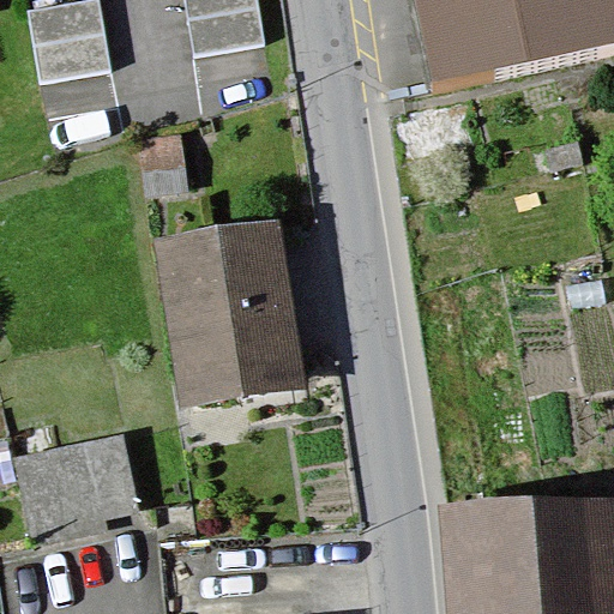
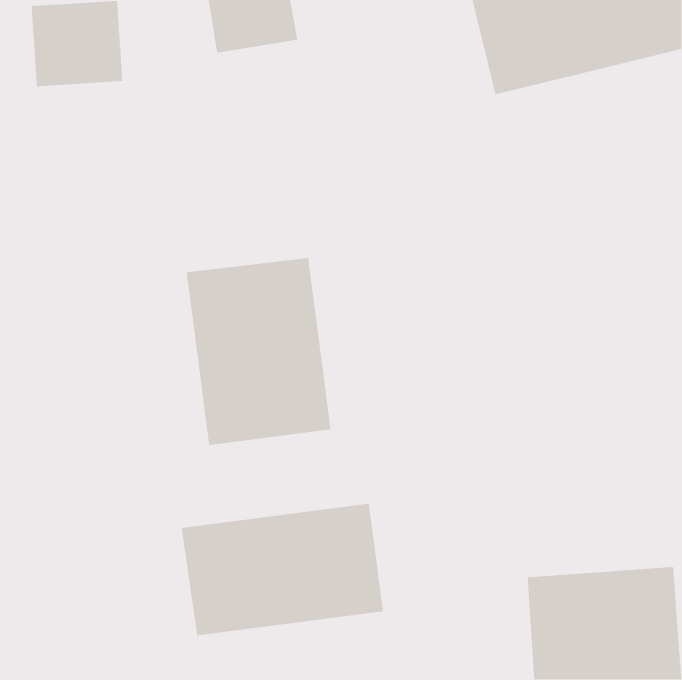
building: [23,416,128,540] -> none
building: none -> [181,503,384,636]

